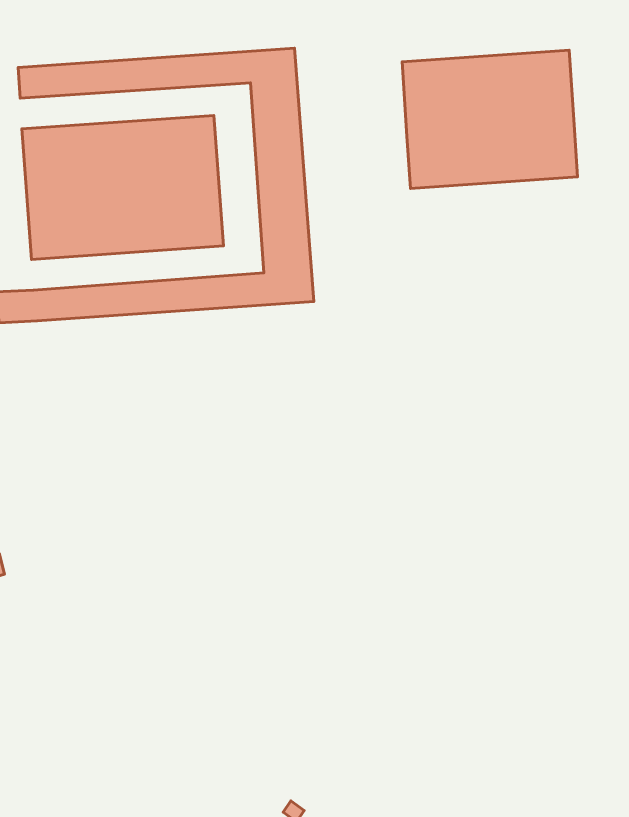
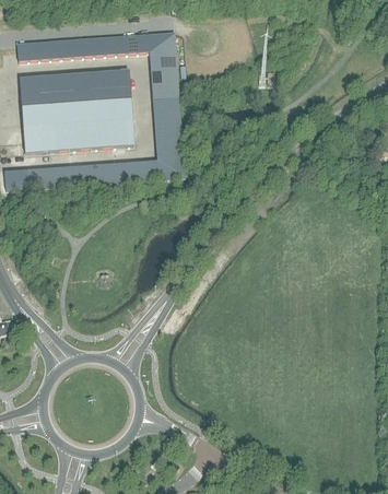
building: [402,50,578,188] -> none

